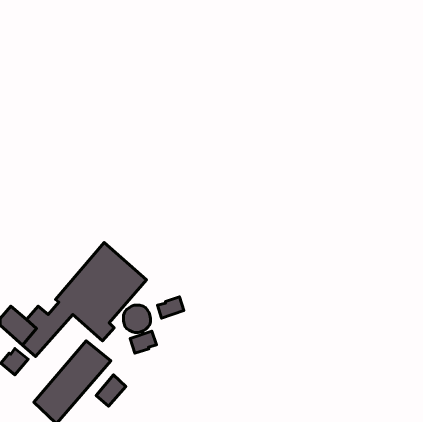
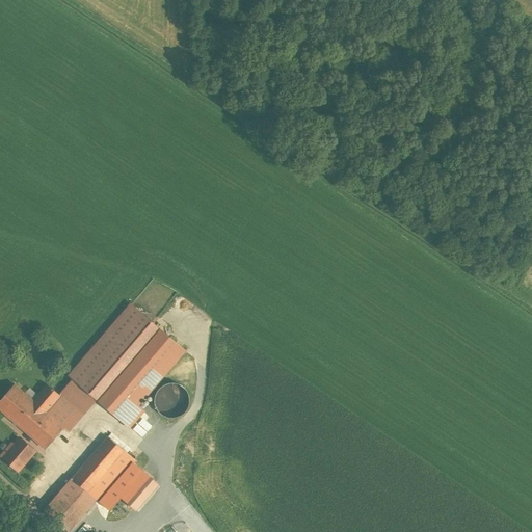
building: [157,297,184,318] -> none
building: [130,331,156,353] -> none

